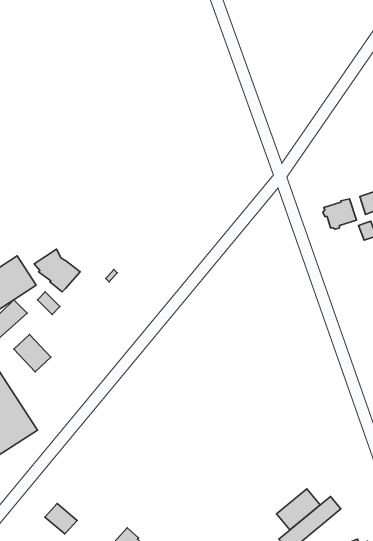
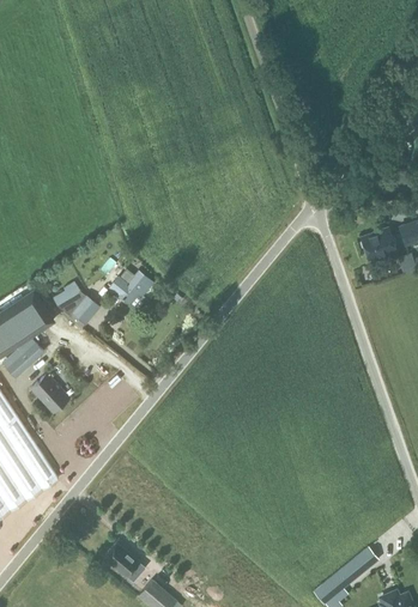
building: none -> [111,269,153,304]
building: [276,489,320,530] -> none
building: [45,504,77,534] -> [104,544,139,576]

